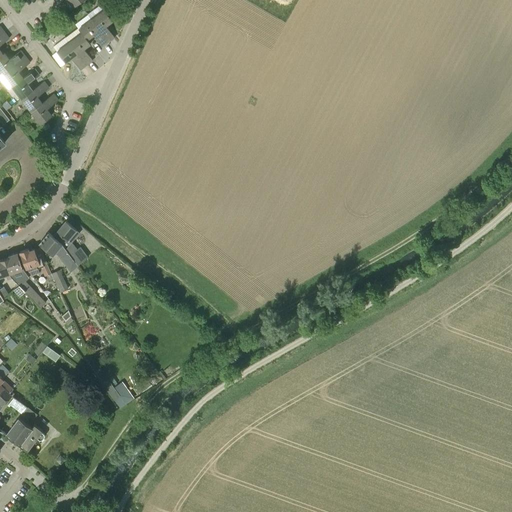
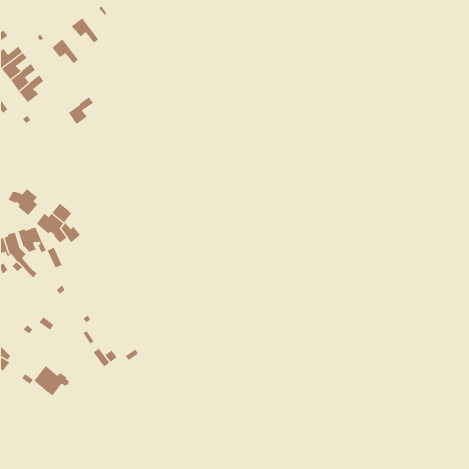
building: [90,9,115,43] -> none
building: [68,33,92,65] -> none
building: [30,94,58,125] -> [68,96,94,125]
building: none -> [8,188,38,216]
building: [5,417,44,451] -> [33,365,69,396]

